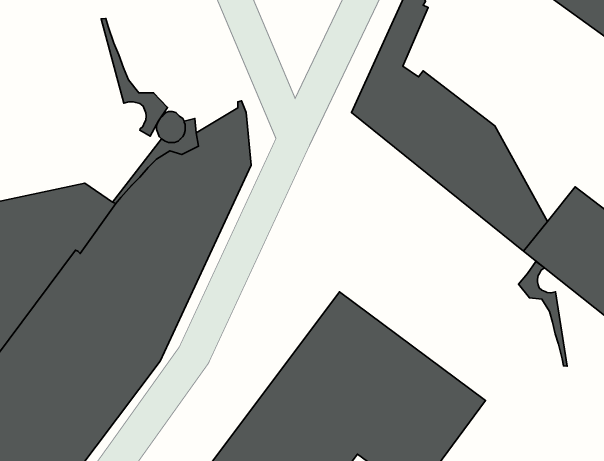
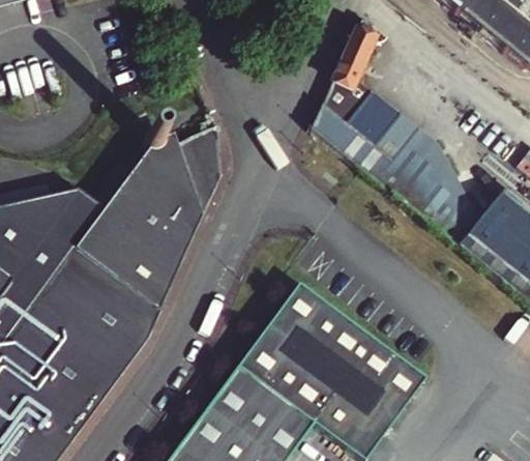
building: [101,19,168,136] -> none
building: [519,261,567,366] -> none

